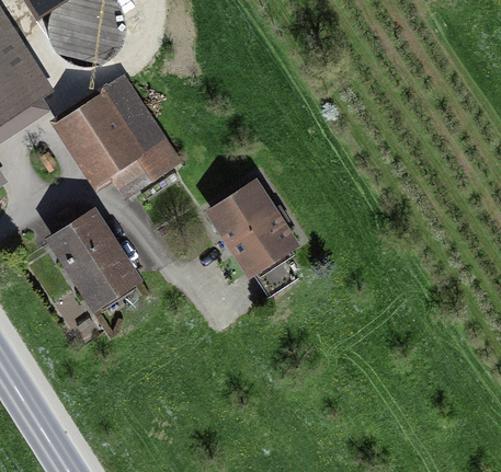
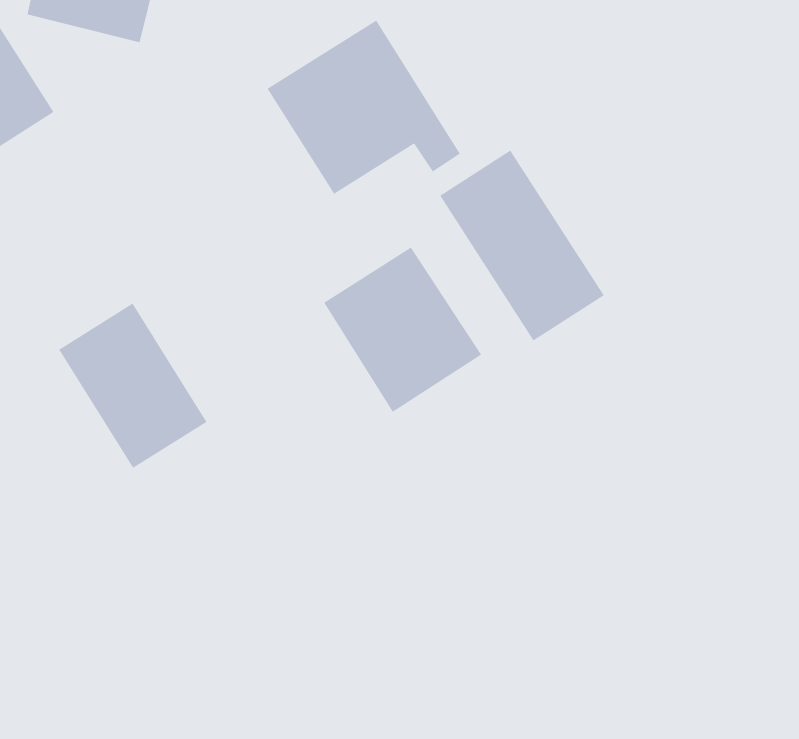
building: [54,87,168,189] -> [266,19,461,195]
building: none -> [439,149,605,342]

